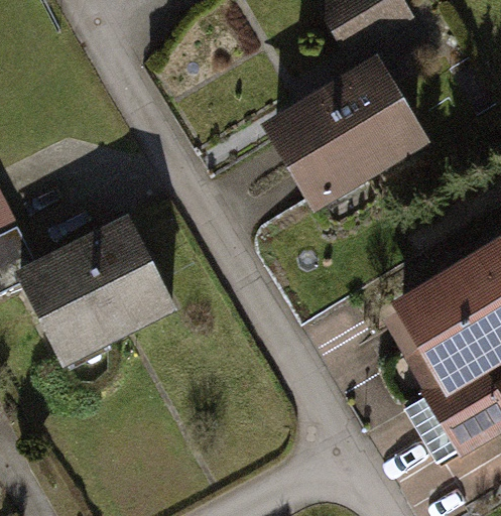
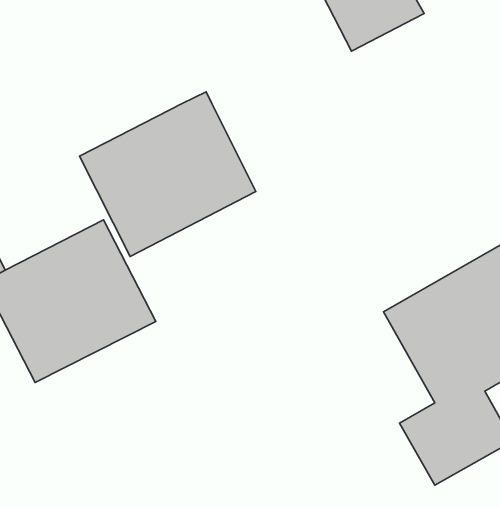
building: [261,53,432,214] -> none
building: none -> [80,92,256,256]

